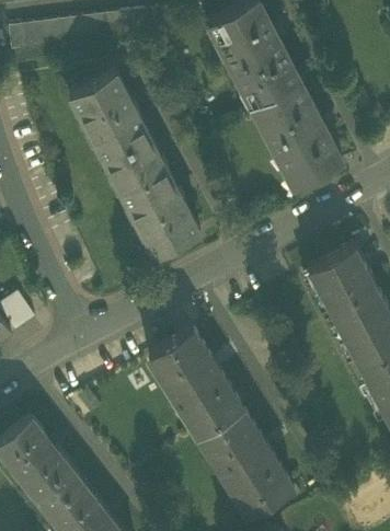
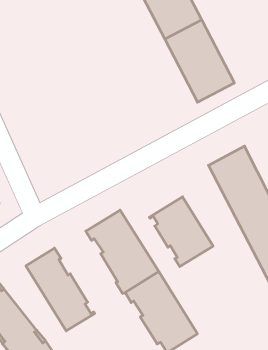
building: [68,69,198,255] -> none
building: none -> [149,197,213,267]
building: none -> [26,248,95,331]

